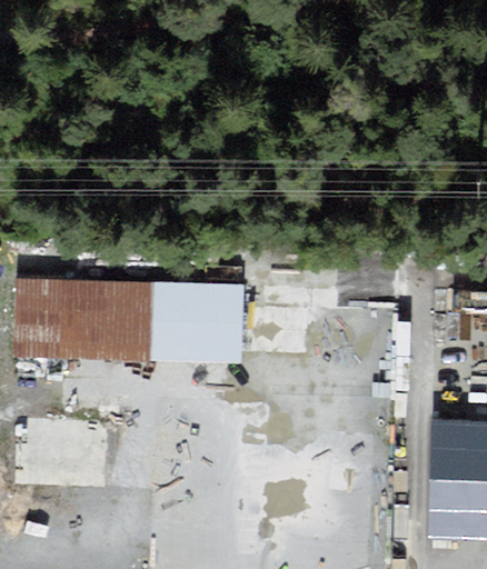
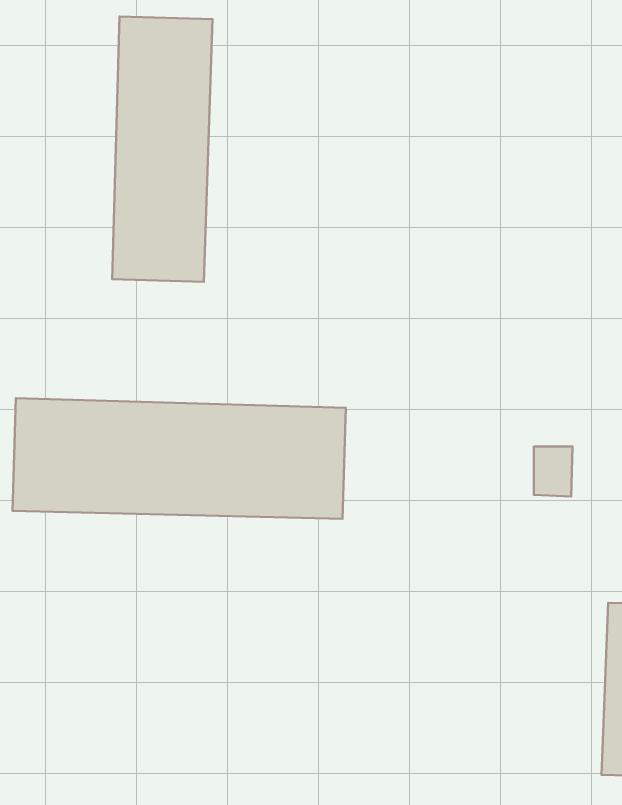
building: none -> [112,16,213,282]

